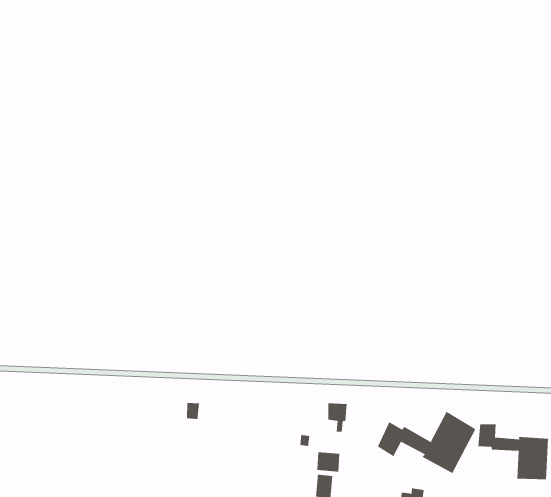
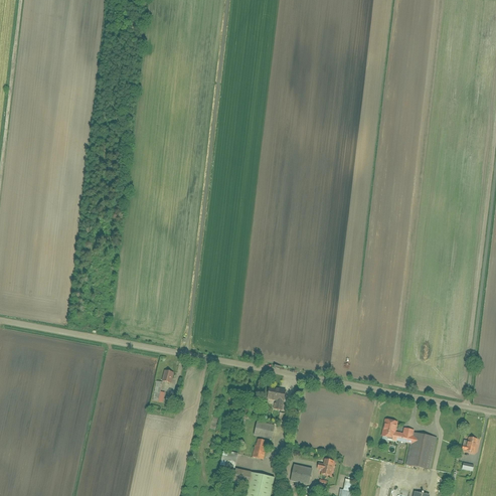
building: [377,411,476,474] -> none

